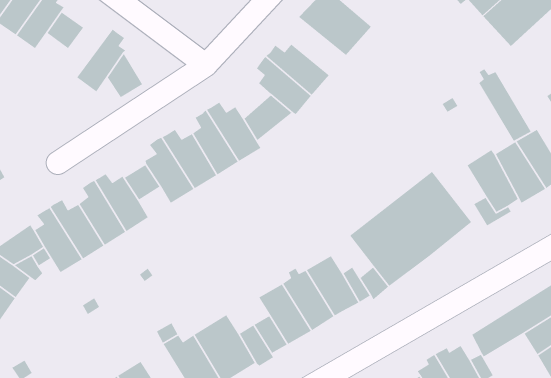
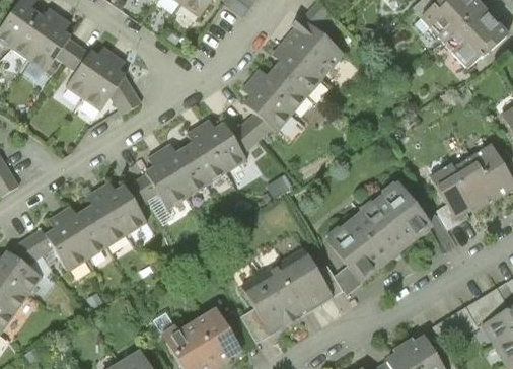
building: none -> [271,44,321,95]
building: none -> [65,47,114,97]
building: [478,68,532,142] -> none

